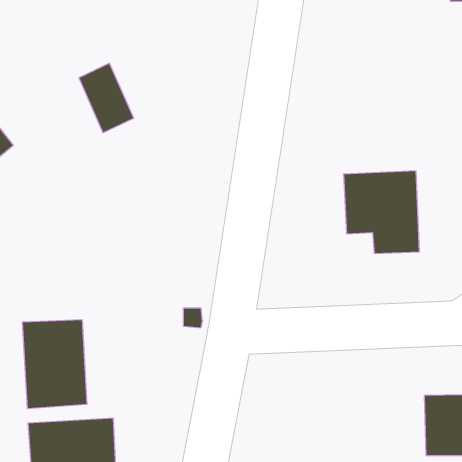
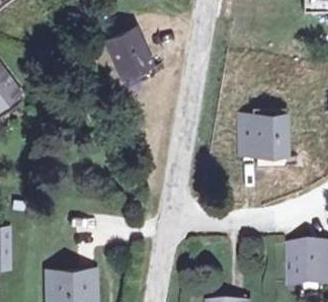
building: [79,63,134,133] -> [117,32,152,76]
building: [23,320,87,409] -> none

